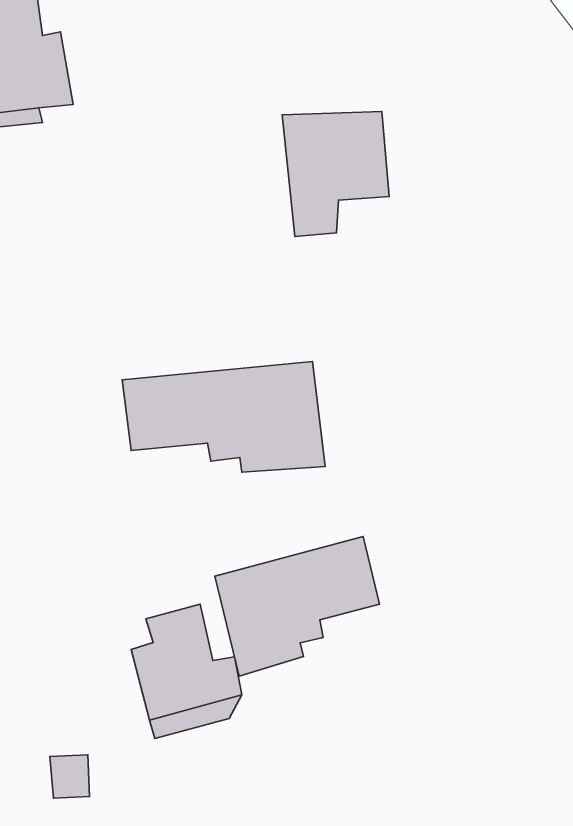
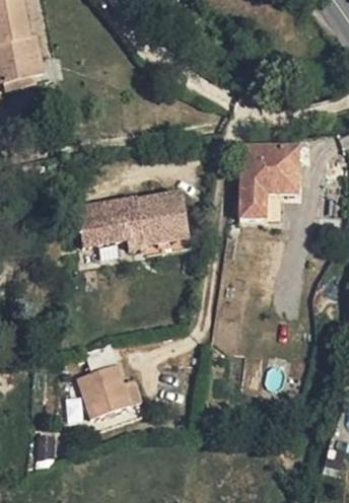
building: [282,111,389,236] -> [240,144,300,214]
building: [215,537,379,676] -> none

